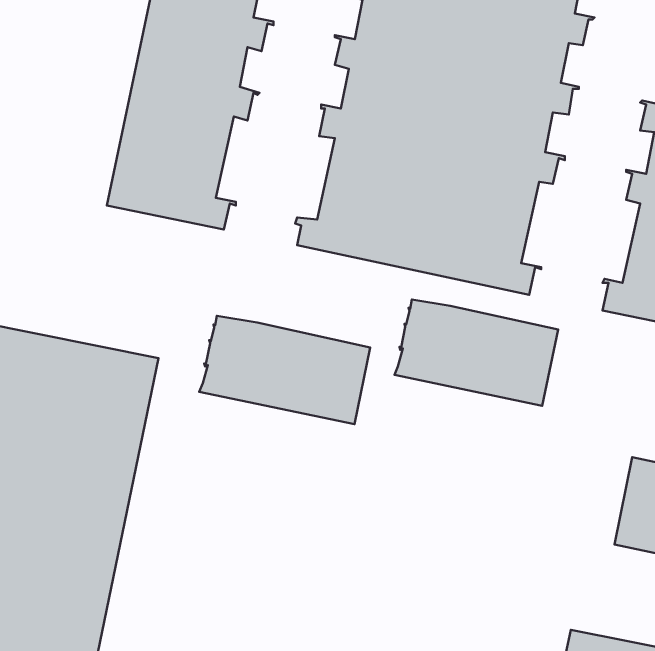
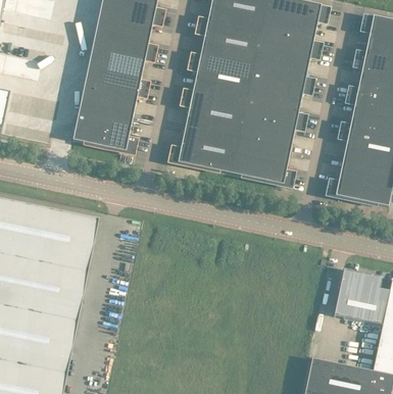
building: [395,299,558,406] -> none
building: [199,316,370,424] -> none

